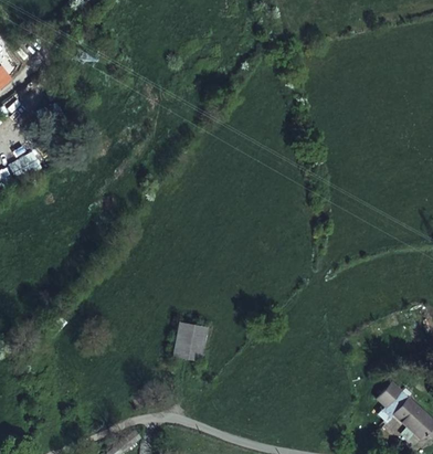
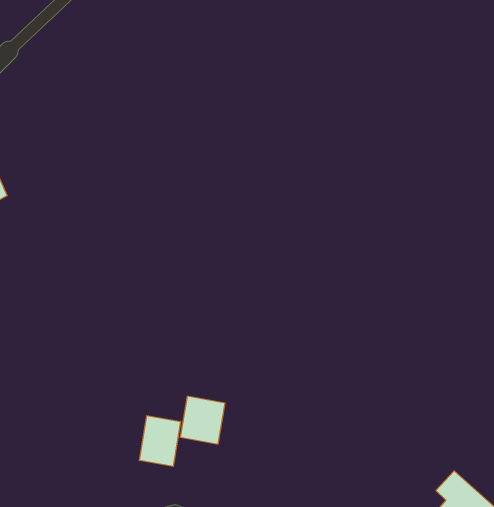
building: none -> [139,416,181,466]

